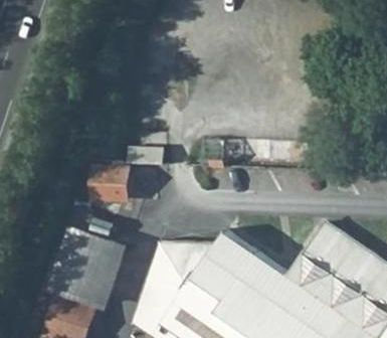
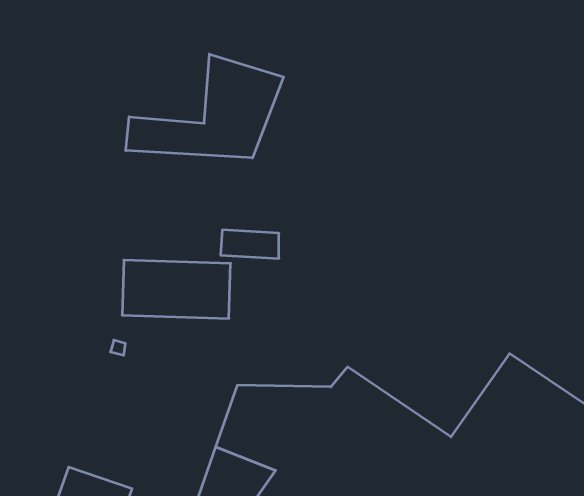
building: none -> [126,54,284,158]
building: [49,225,119,304] -> none

